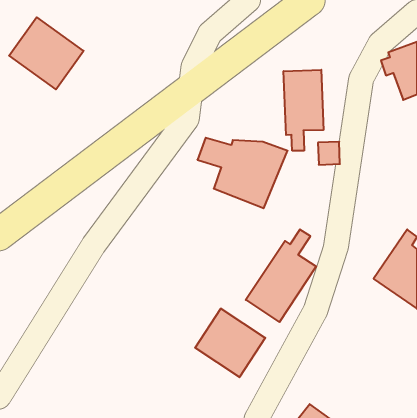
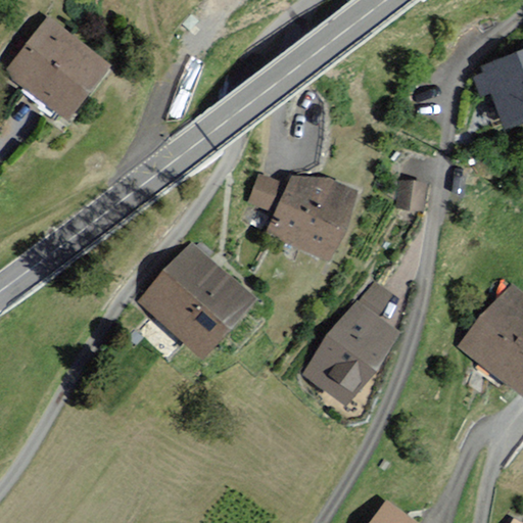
building: [284,70,323,151] -> none
building: none -> [136,241,260,364]
building: [195,308,265,377] -> none

